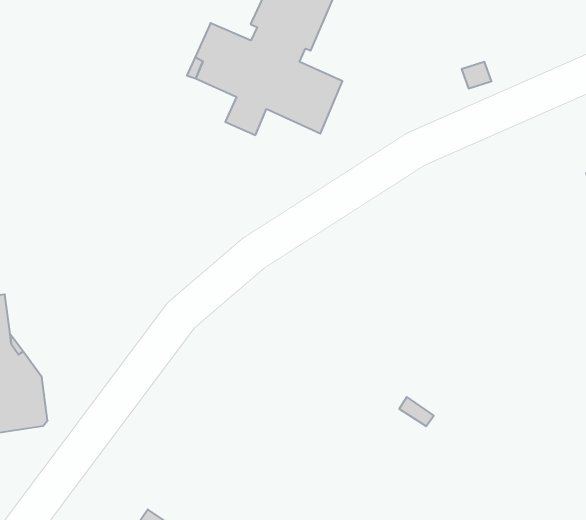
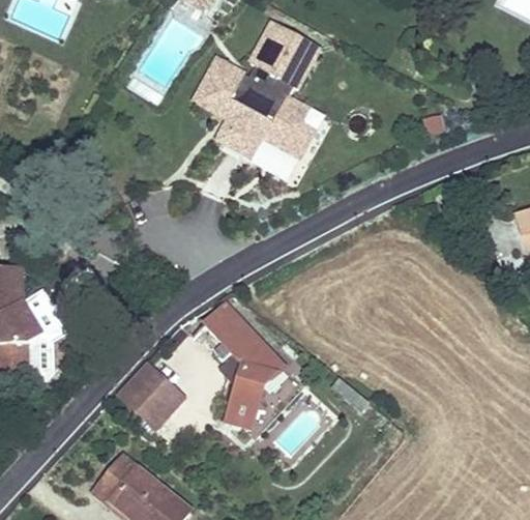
building: none -> [205,305,283,426]
building: none -> [117,362,184,427]

